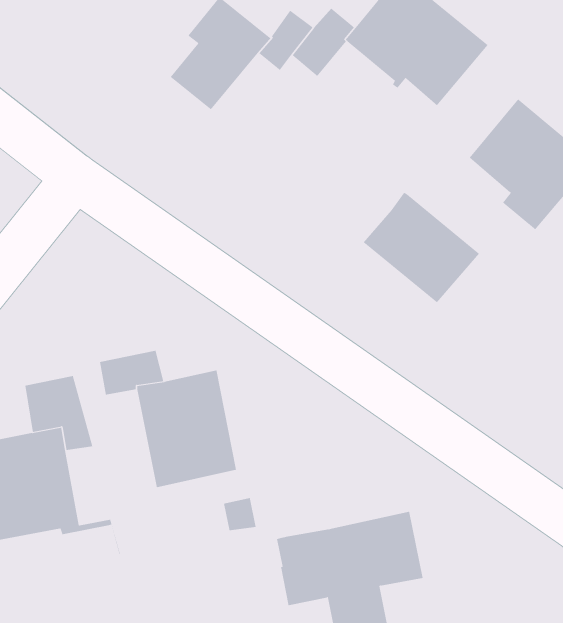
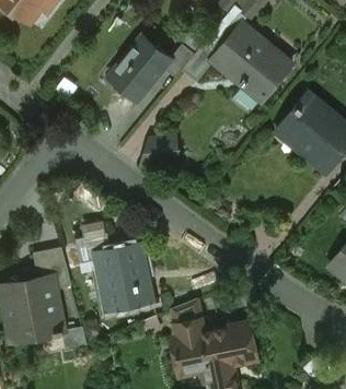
building: [363,192,480,303] -> none
building: none -> [172,299,203,337]

